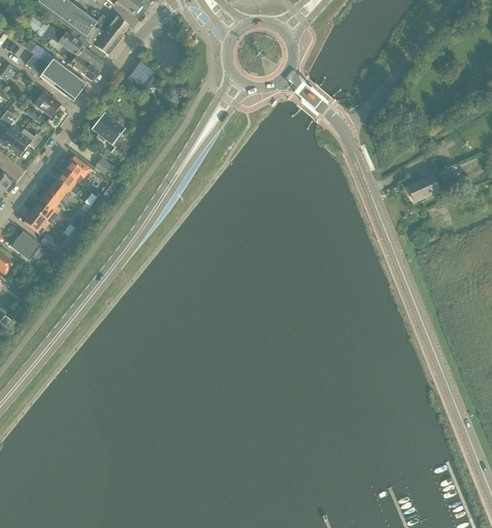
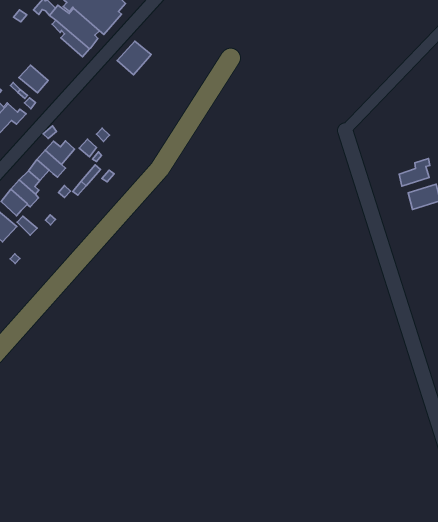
building: [25,53,87,99] -> none
building: [92,112,123,142] -> none
building: none -> [399,159,430,186]

